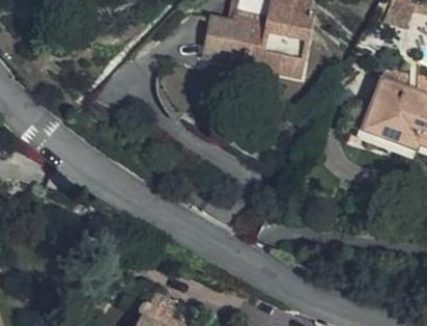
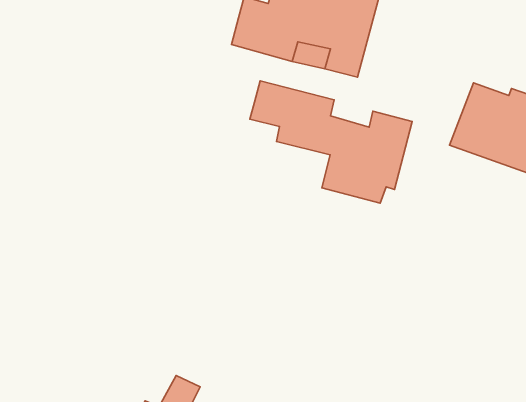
building: none -> [250,81,412,203]

